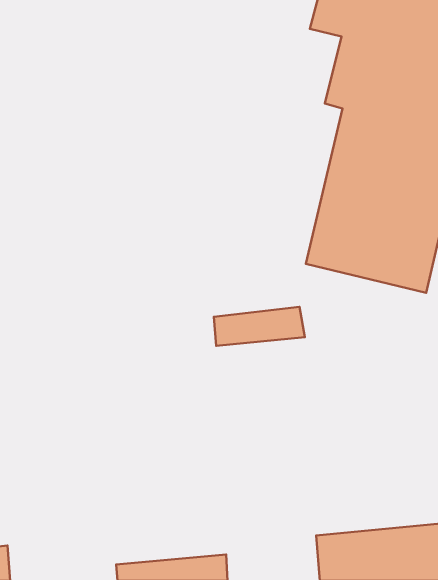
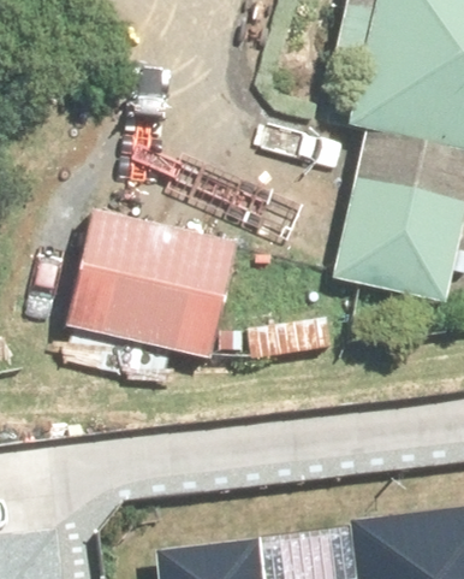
building: none -> [66,207,239,359]

